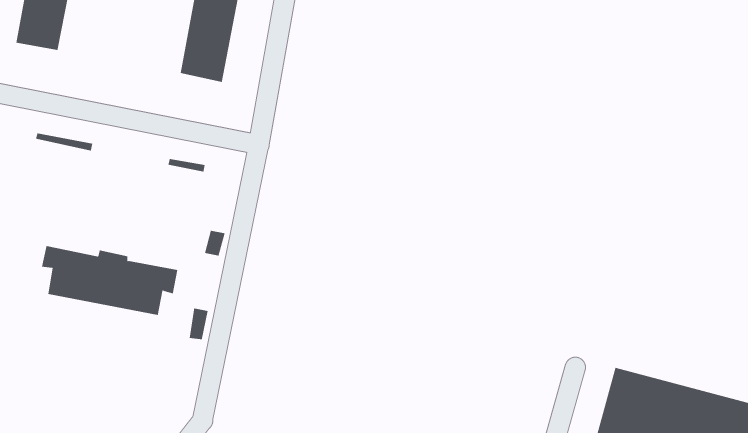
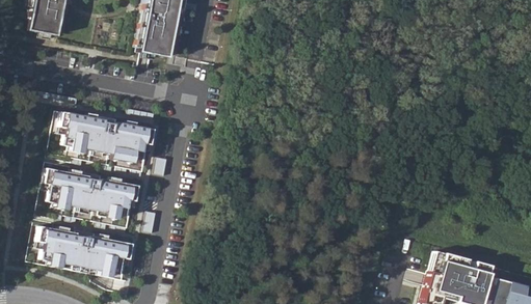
building: none -> [62,112,156,161]
building: none -> [41,227,134,275]

